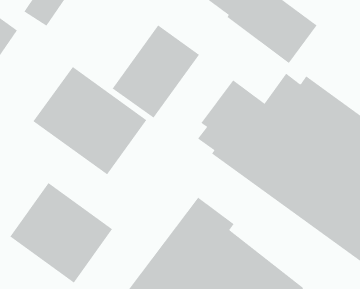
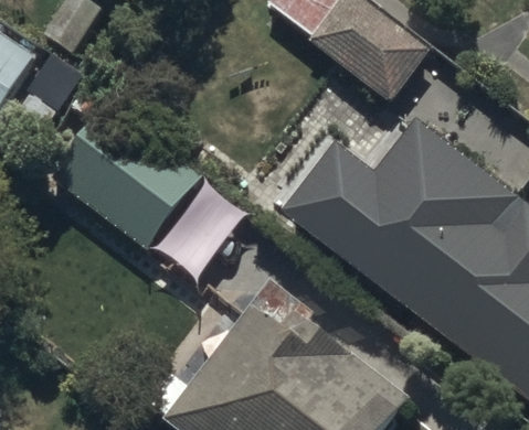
building: [112,25,200,119] -> none
building: [9,182,113,283] -> none

